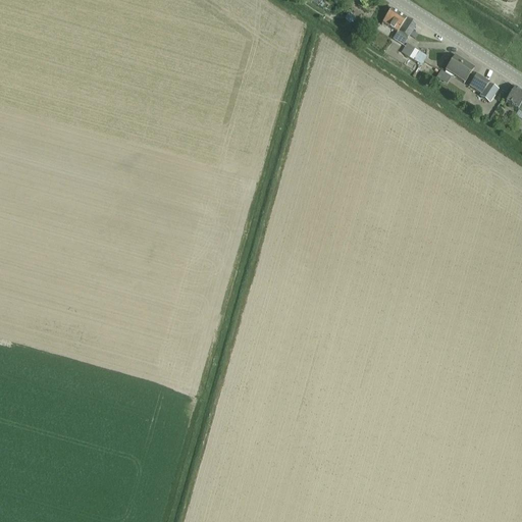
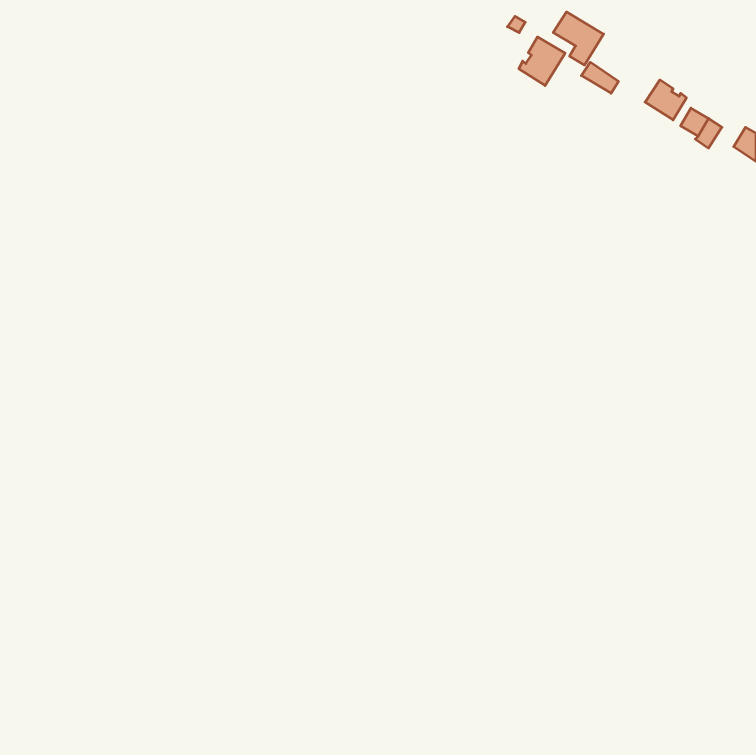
building: none -> [519,37,565,86]

